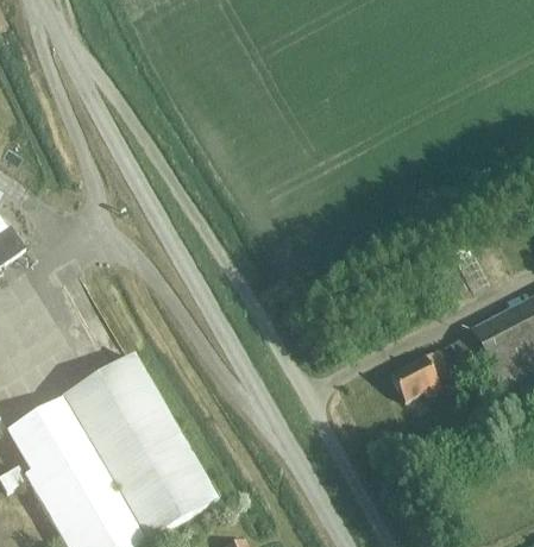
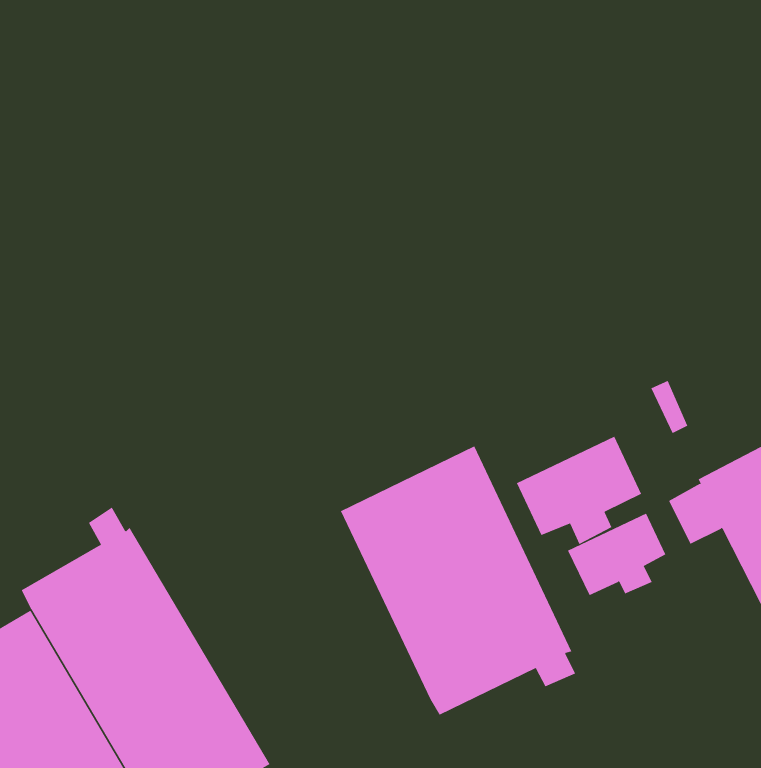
building: none -> [516,436,642,545]
building: none -> [340,445,576,715]

